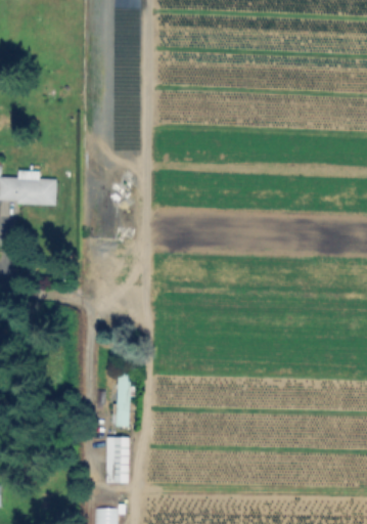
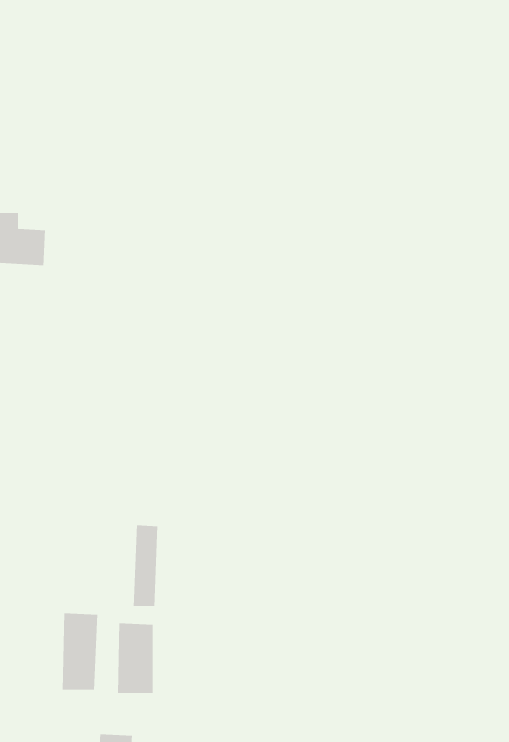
building: none -> [62,612,98,690]

